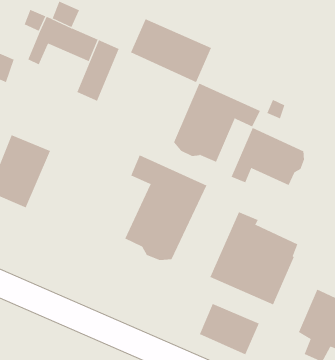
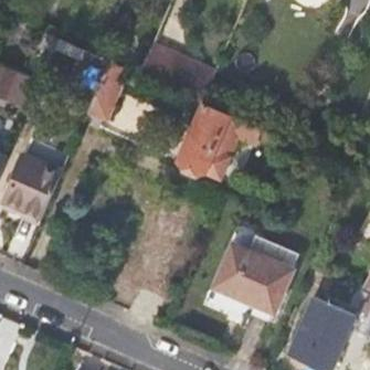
building: [231,127,305,186] -> none
building: [124,154,207,261] -> none
building: [199,303,260,355] -> none

